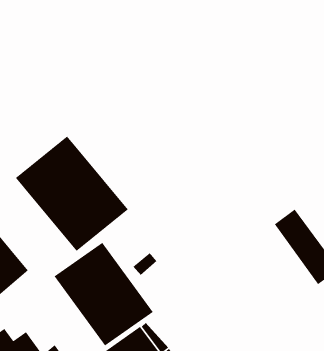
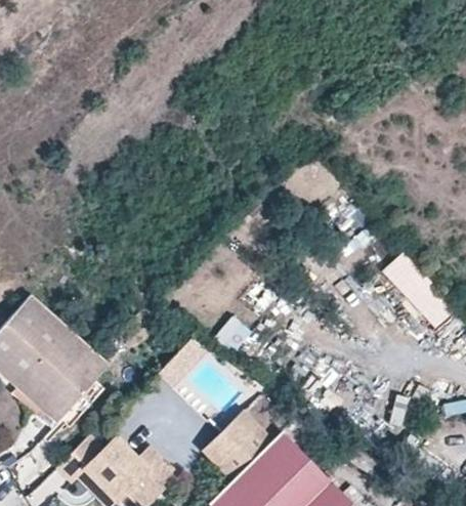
building: [15,136,129,252] -> none
building: [53,242,154,346] -> none

